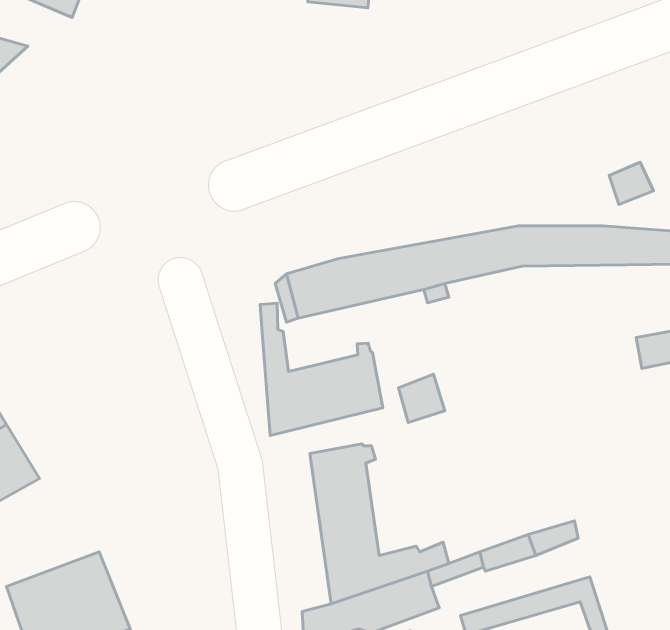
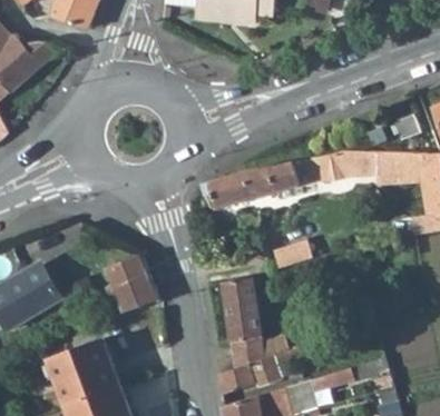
building: [260,303,383,436] -> none
building: none -> [105,256,157,314]

